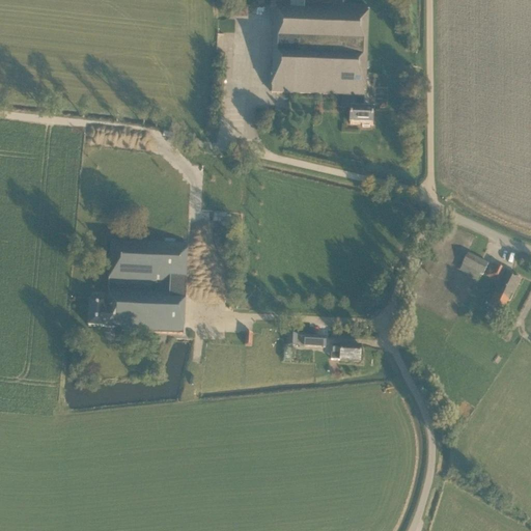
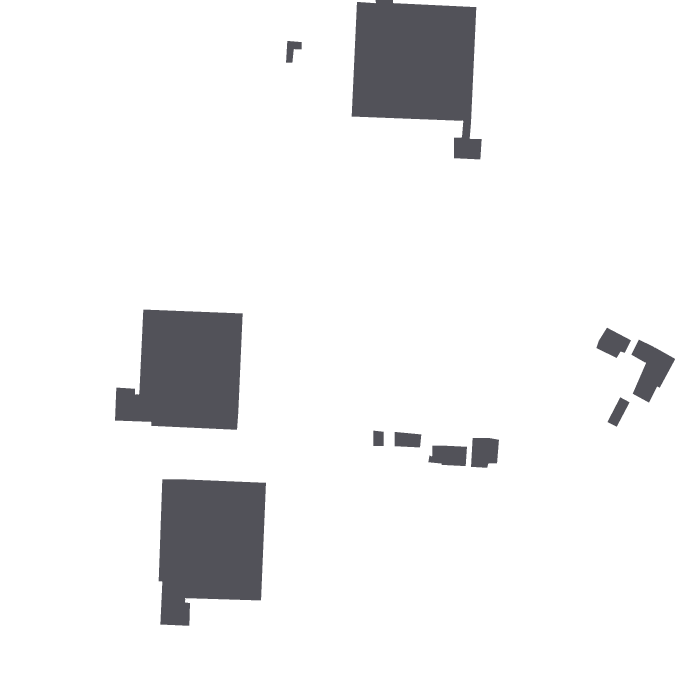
building: none -> [471,437,499,469]
building: none -> [158,478,266,626]

